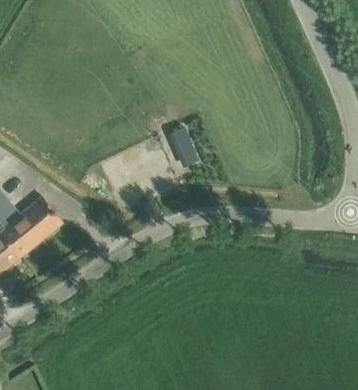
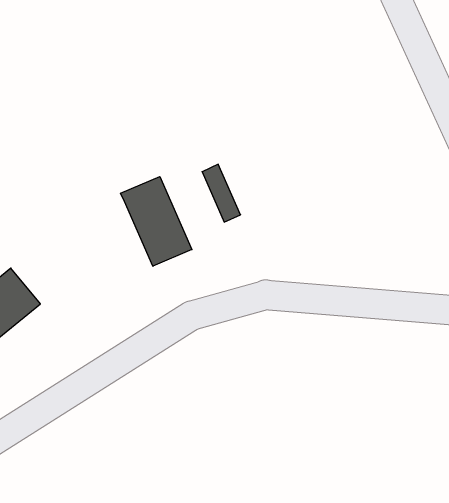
building: none -> [121,177,192,266]

